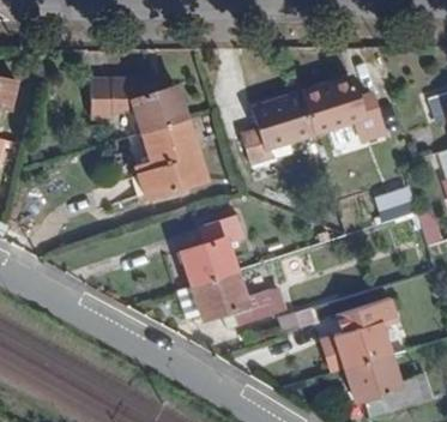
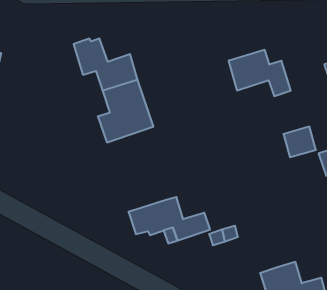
building: [243,94,315,165] -> none
building: [181,215,244,284] -> none
building: [325,299,397,372] -> none

